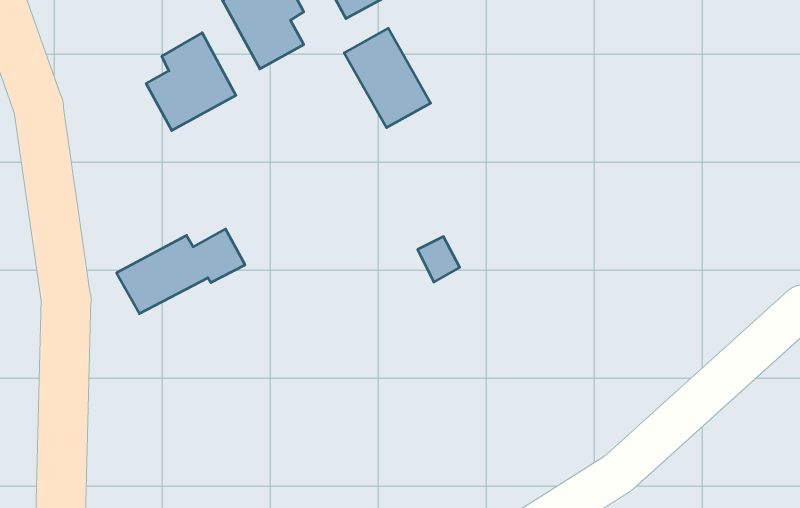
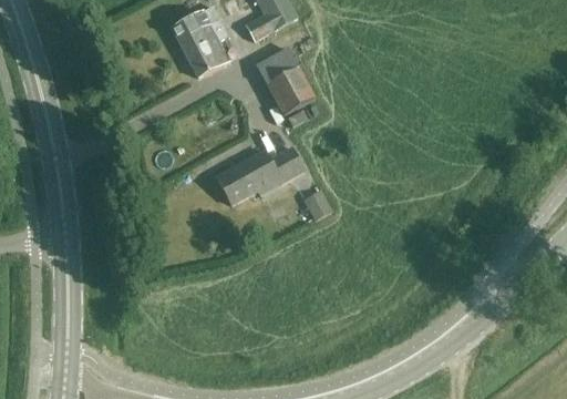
building: [146,33,236,131] -> none
building: [117,229,245,314] -> [217,149,305,206]

